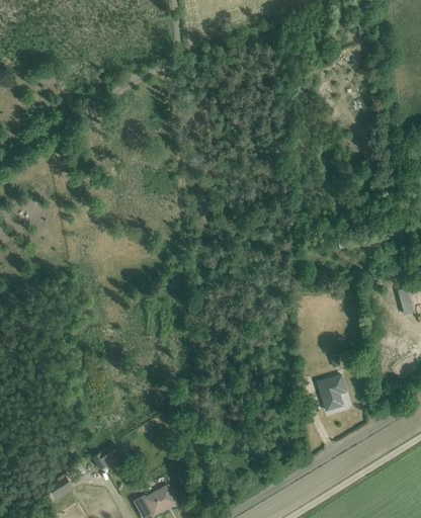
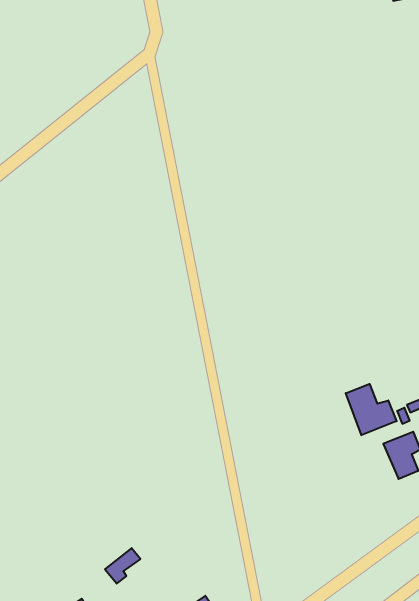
building: none -> [346,384,397,435]

